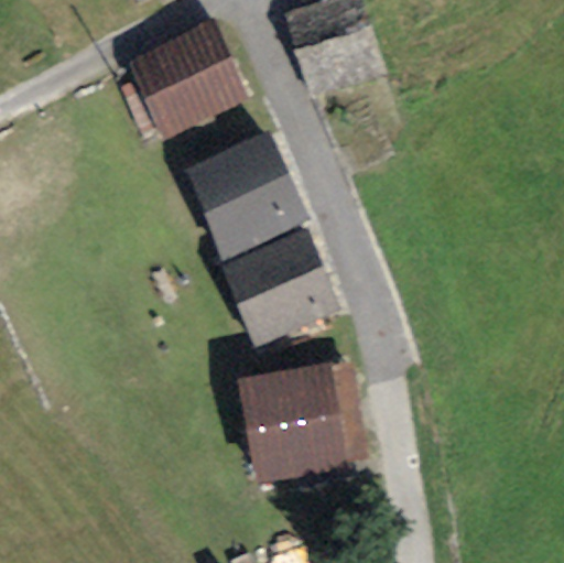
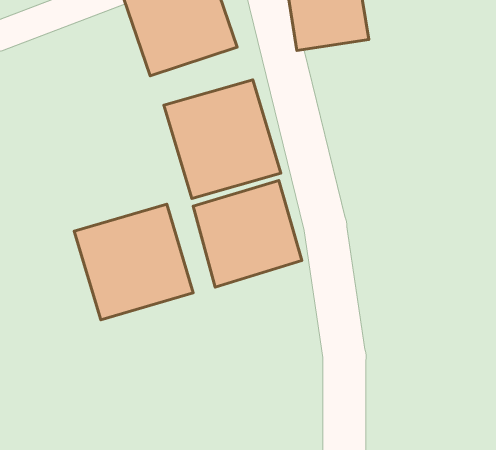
building: none -> [74,204,193,320]
building: [239,359,366,483] -> none

